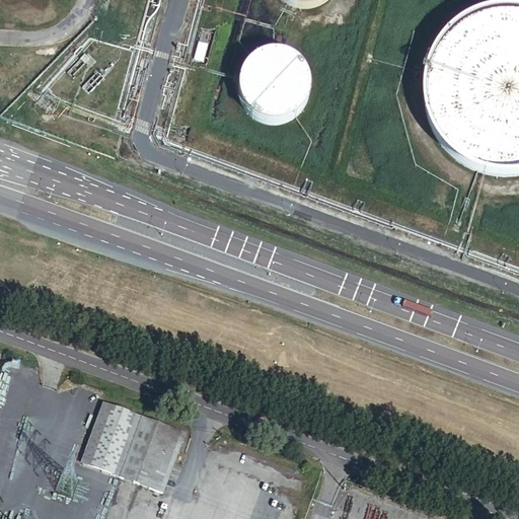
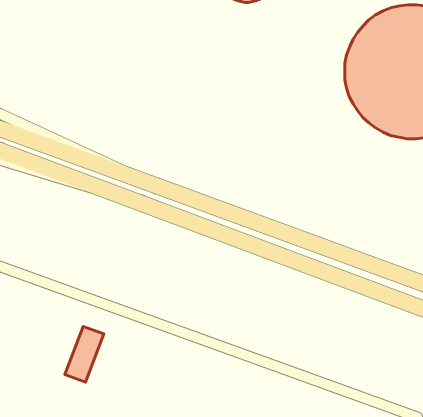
building: [237,48,310,121] -> none
building: [106,407,183,487] -> none

